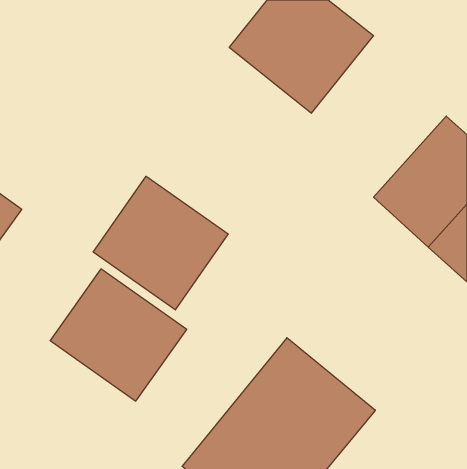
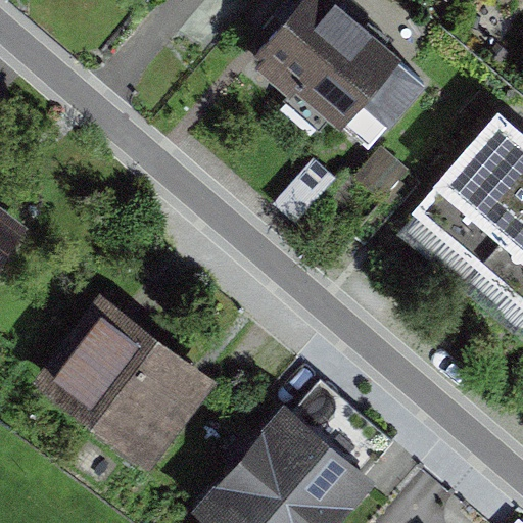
building: [93,176,228,310] -> none

